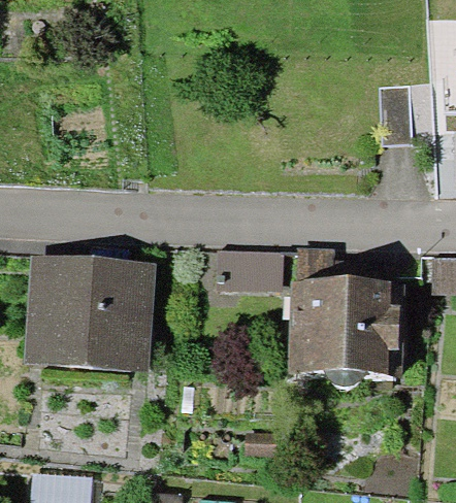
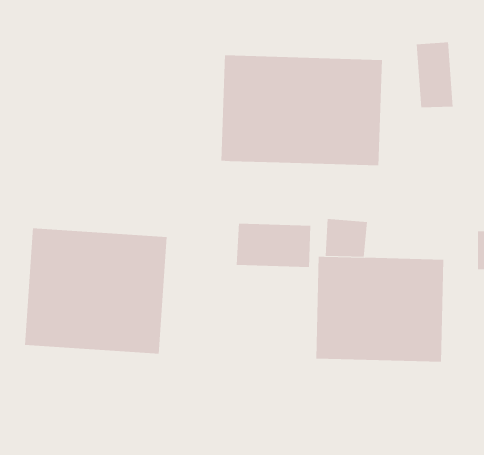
building: none -> [221,55,383,166]

